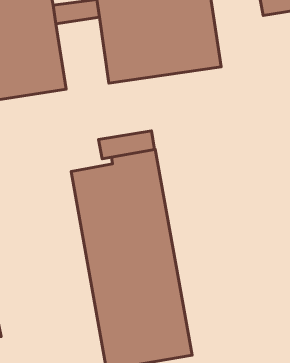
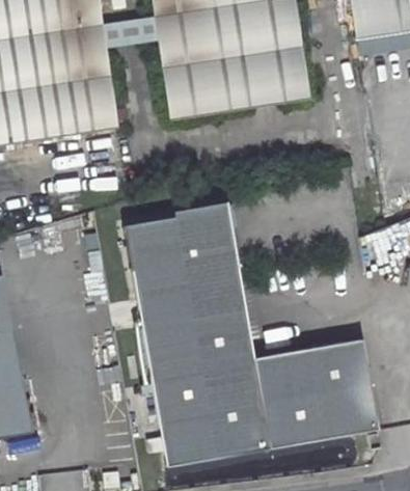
building: [99,131,155,159] -> none
building: none -> [254,338,380,449]

